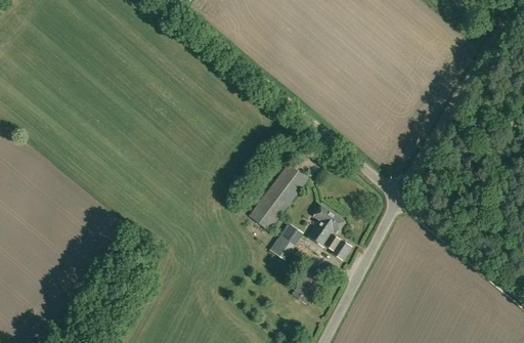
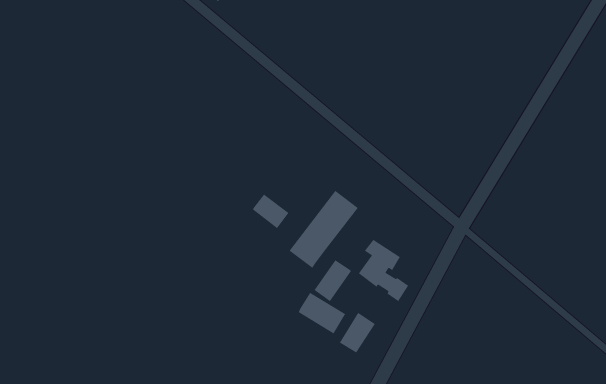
building: none -> [252,193,289,229]
building: none -> [298,292,346,335]

